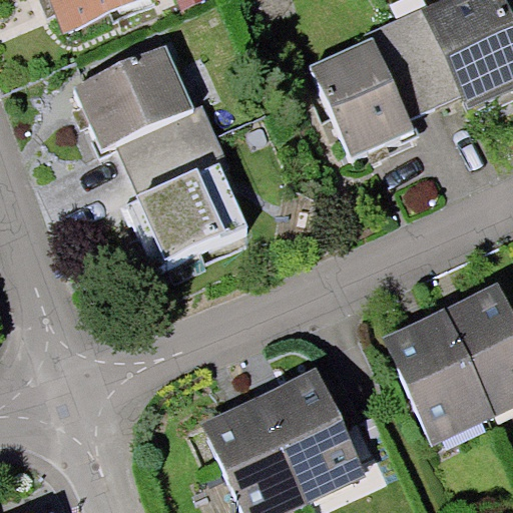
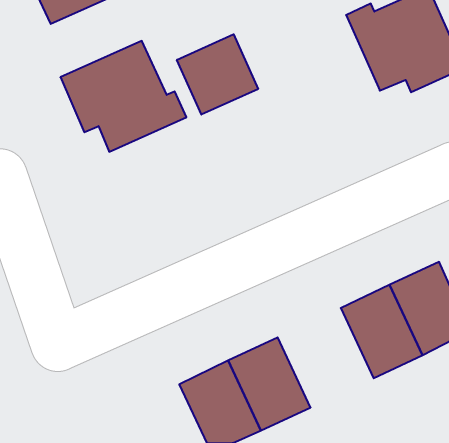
building: [310,17,434,157] -> none
building: none -> [177,34,258,115]
building: [126,132,246,269] -> none

